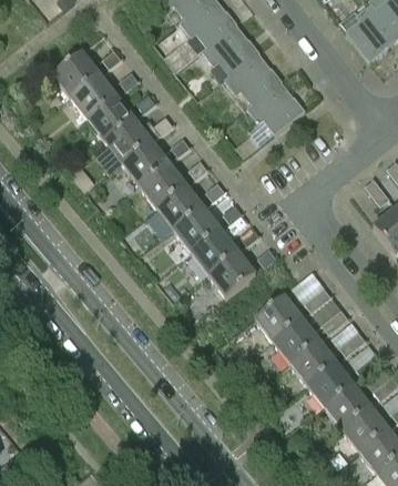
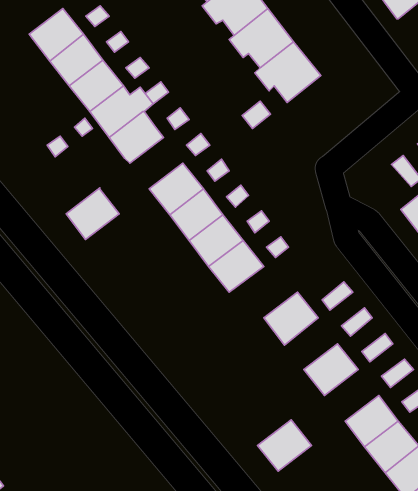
building: [139,162,184,206] -> [66,188,119,240]
building: [272,317,317,362] -> none
building: [306,362,353,406] -> [257,420,312,471]

